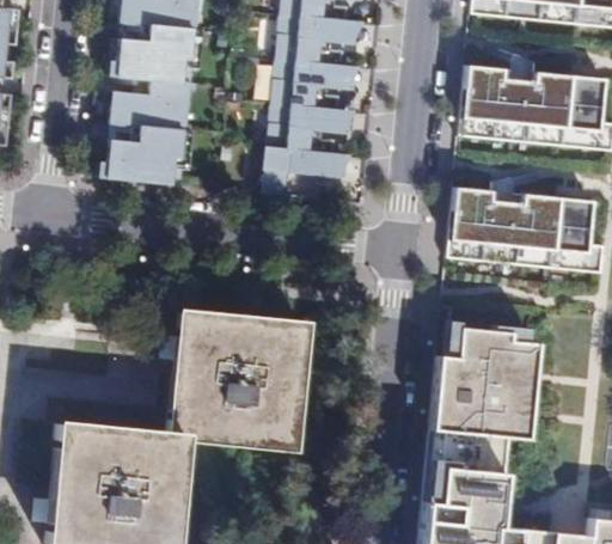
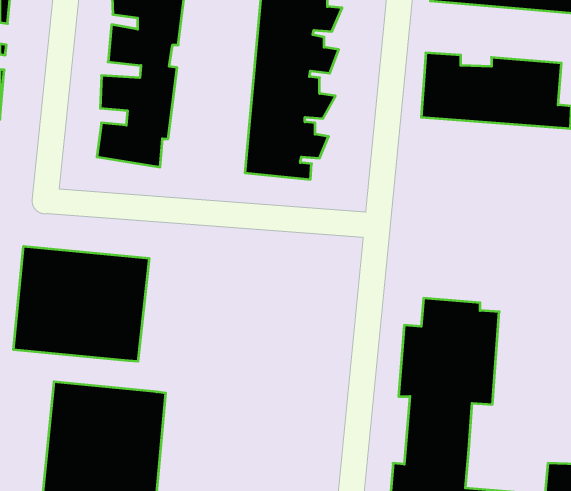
building: [442,190,601,271] -> none
building: none -> [14,246,149,361]
building: [172,301,305,438] -> none

